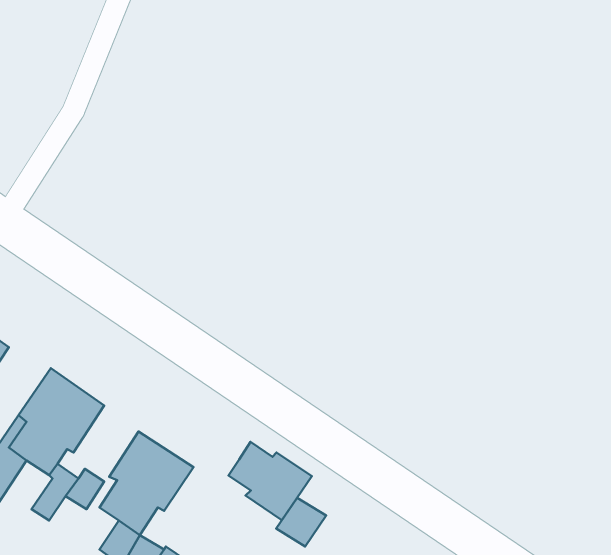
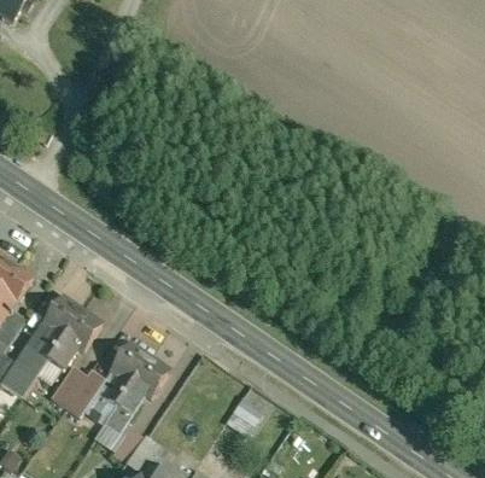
building: [229,442,312,520] -> none

